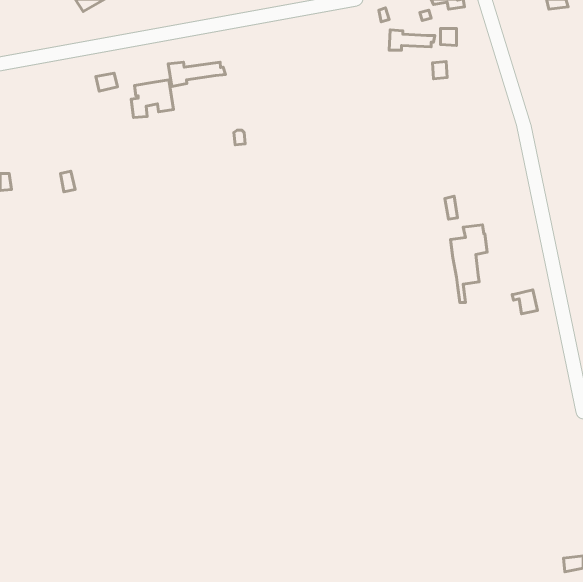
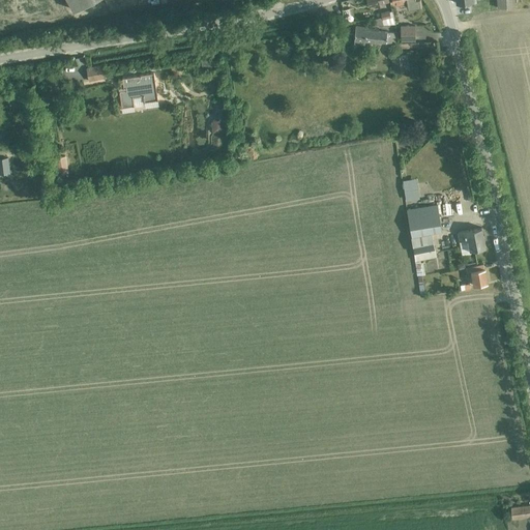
building: [168,62,225,86] -> none
building: none -> [458,227,484,254]

